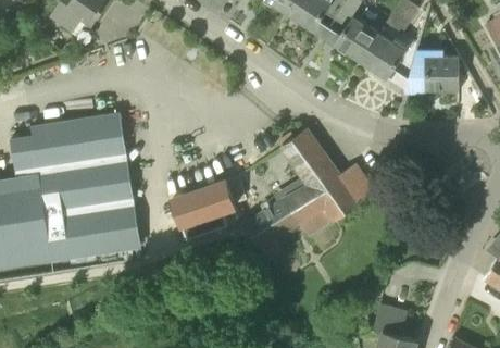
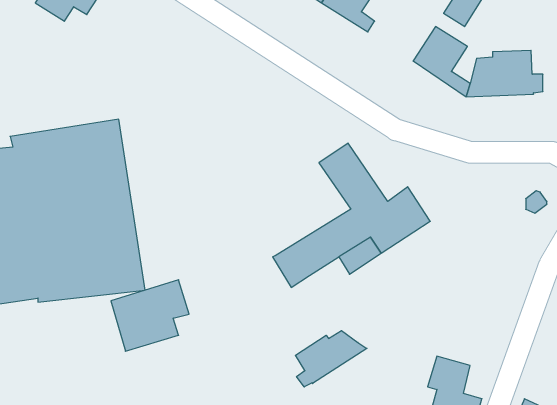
building: [324,17,379,63] -> none
building: [177,176,241,235] -> [111,280,189,351]
building: none -> [295,331,367,387]

